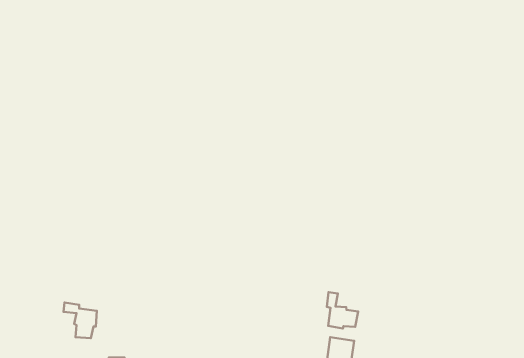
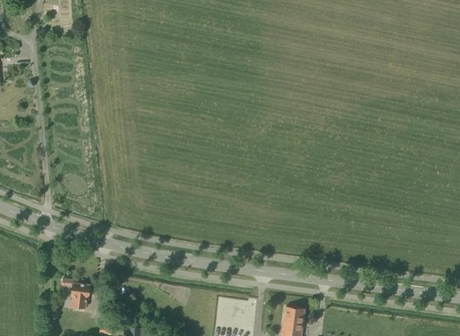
building: [327,292,358,329] -> none

